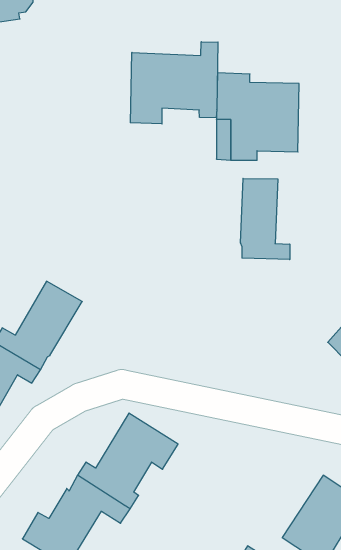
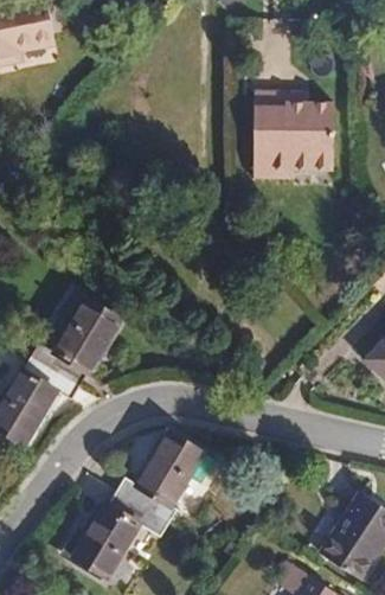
building: [130,42,218,124] -> none
building: [241,178,290,260] -> none

